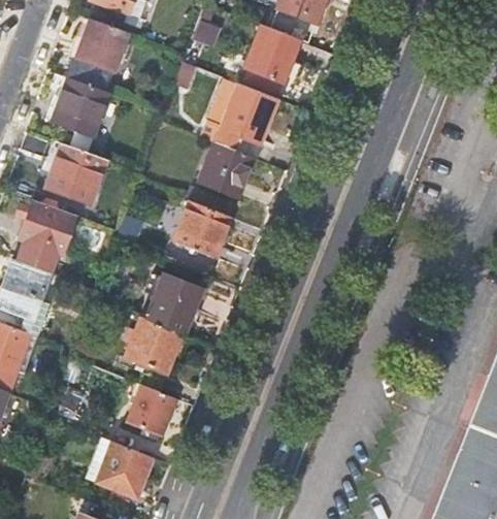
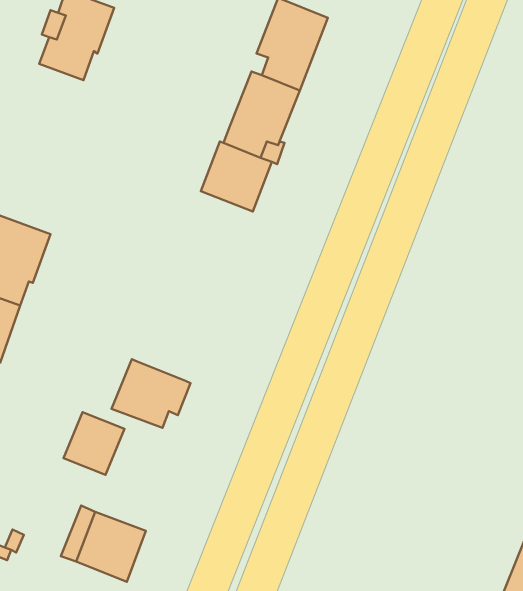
building: [49,78,106,136] -> none
building: [44,140,111,204] -> none
building: [172,202,230,259] -> none
building: [144,274,201,335] -> none
building: [125,386,174,436] -> [64,412,125,475]

